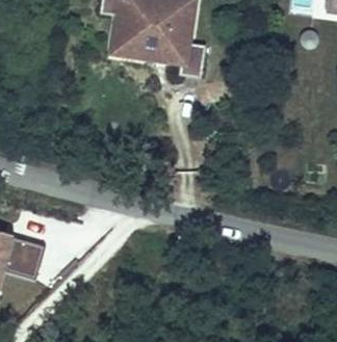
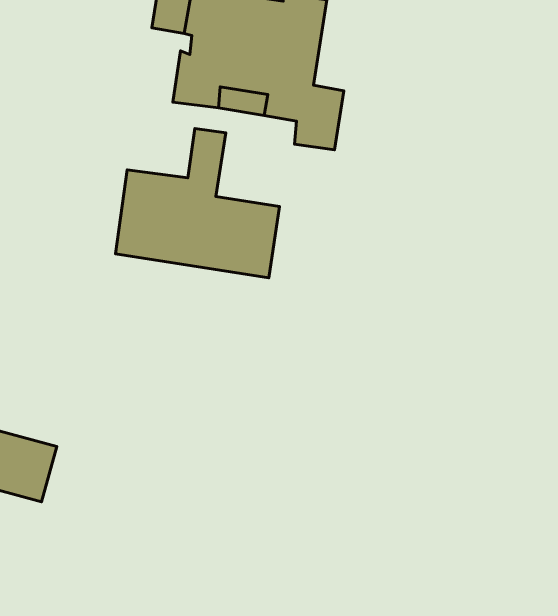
building: none -> [115,128,280,278]

